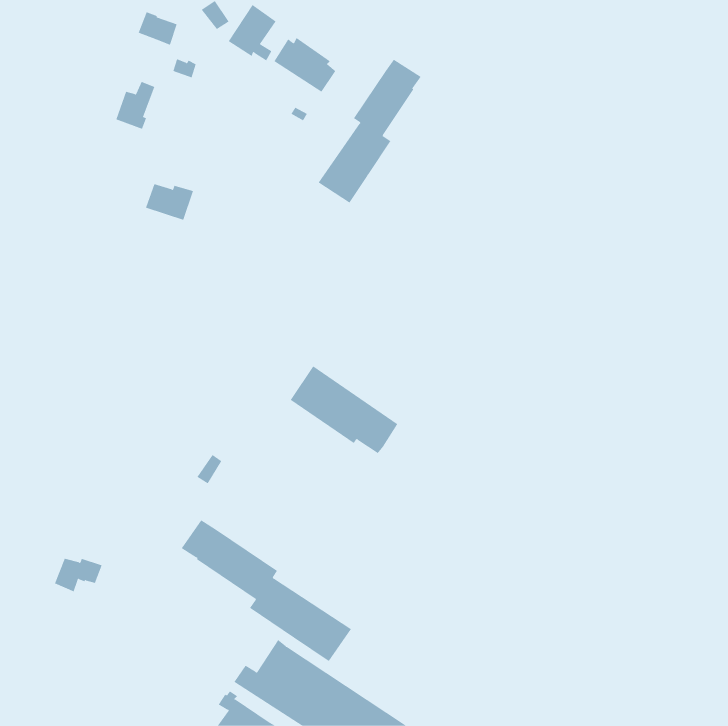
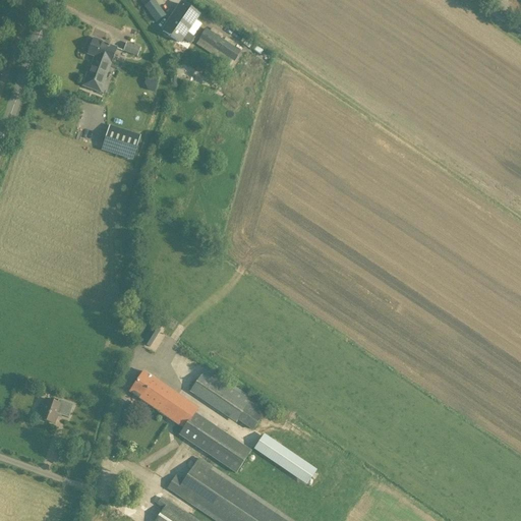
building: [138,11,178,46] -> [88,38,116,62]
building: [318,59,422,203] -> none
building: [290,366,398,454] -> [189,366,267,429]
building: none -> [254,437,317,487]

